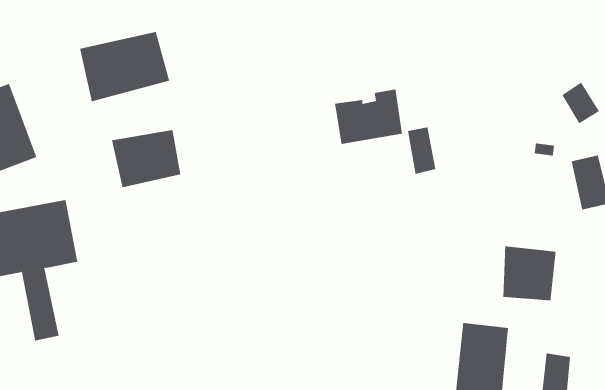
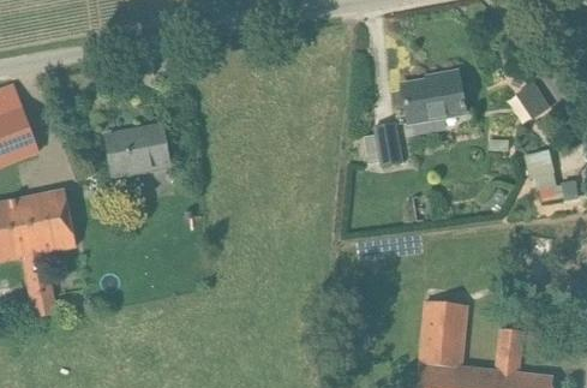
building: [80,31,170,102] -> none
building: [334,89,403,144] -> [402,71,465,121]
building: [503,246,556,301] -> none

